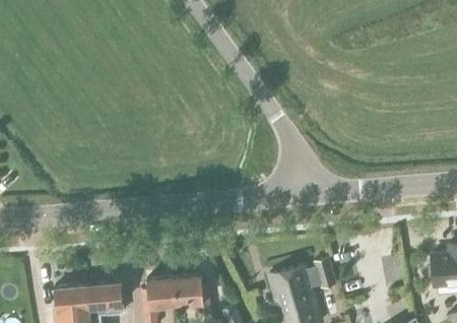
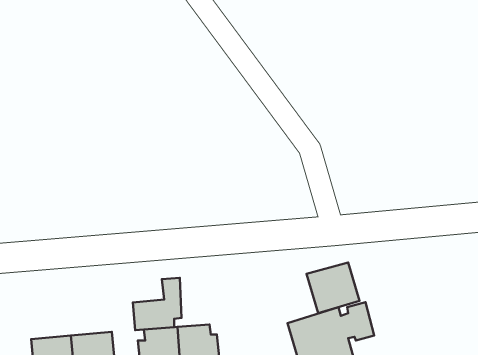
building: none -> [307,262,359,313]
building: none -> [133,278,182,330]

